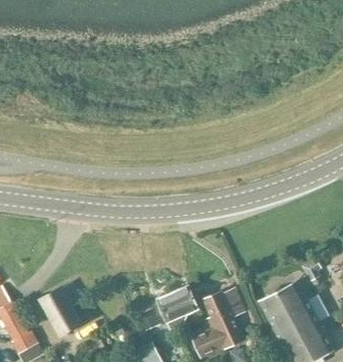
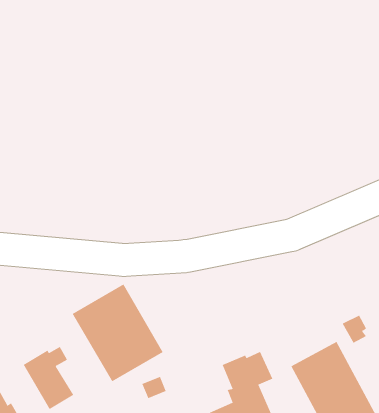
building: none -> [72,284,164,382]
building: [157,285,197,328] -> none

